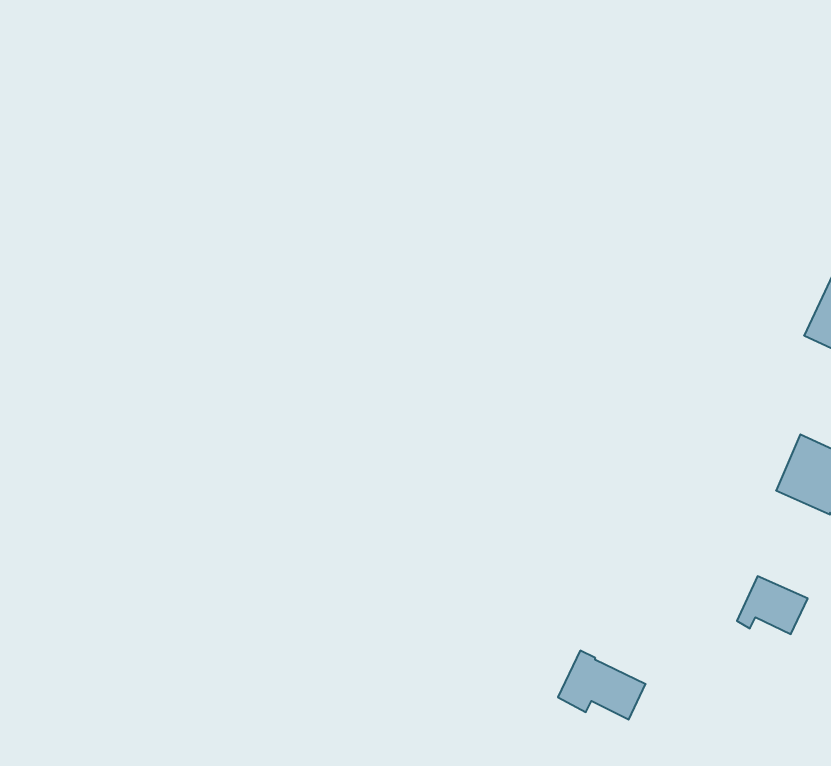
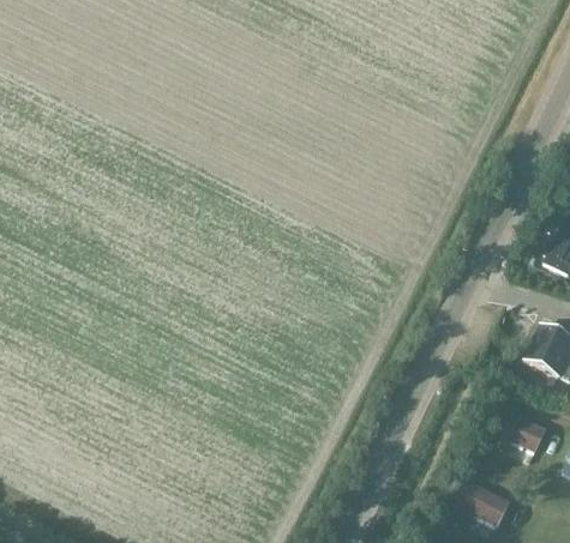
building: [558,651,646,720] -> [457,483,514,527]

